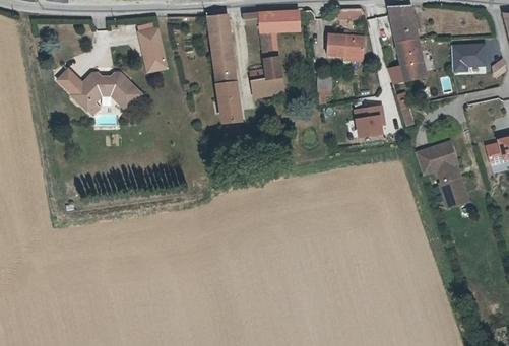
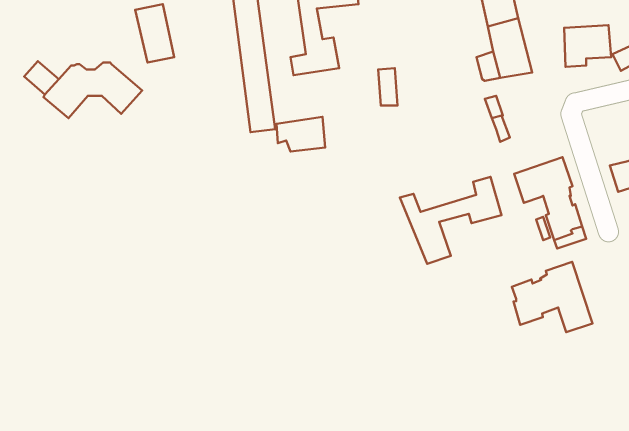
building: [327,34,365,58] -> none
building: [254,75,290,100] -> [277,117,325,152]
building: [354,106,385,138] -> none
building: none -> [400,177,501,264]
building: none -> [512,262,592,332]

